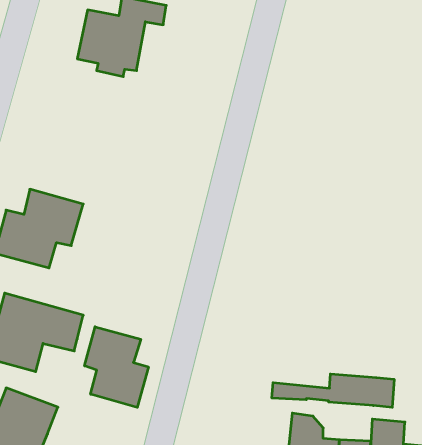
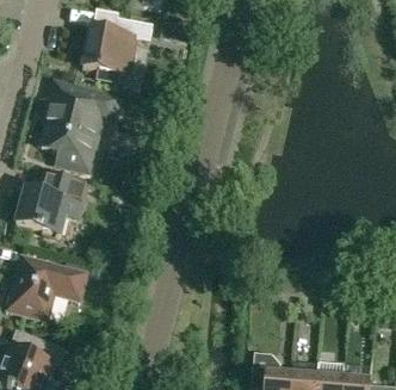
building: none -> [39,74,116,168]
building: [85,327,148,407] -> none
building: [272,374,394,407] -> none

